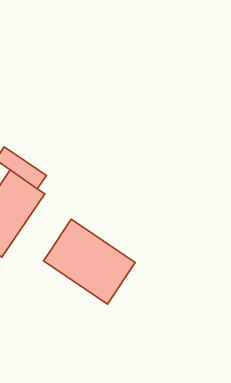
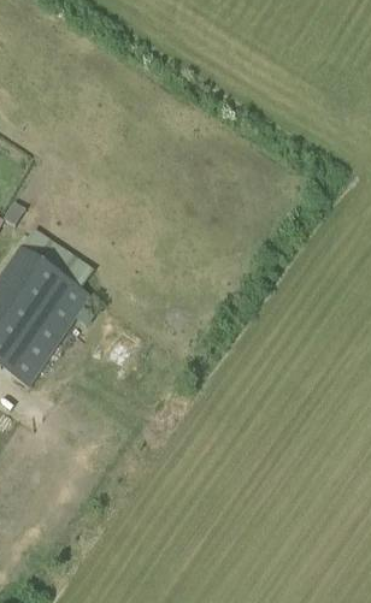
building: [43,219,135,304] -> none

